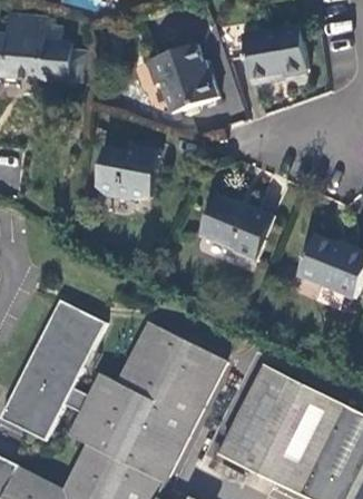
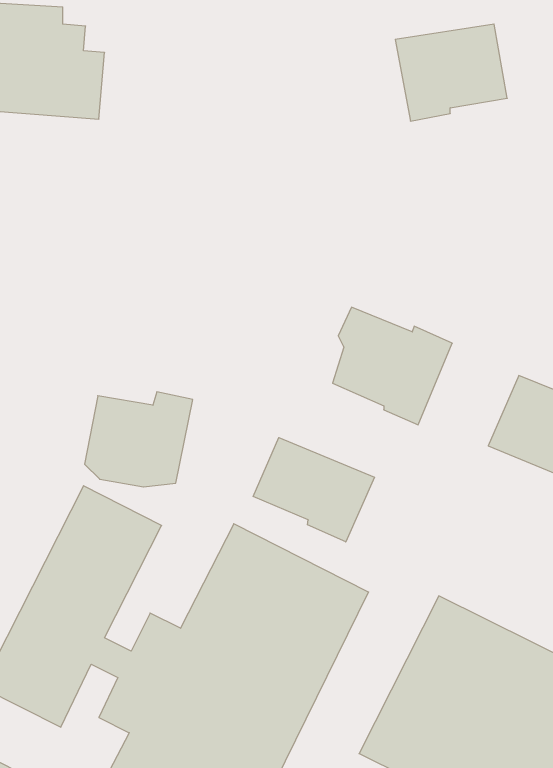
building: [146,46,217,116] -> none
building: [97,146,160,202] -> [85,392,193,487]
building: none -> [253,438,375,542]

